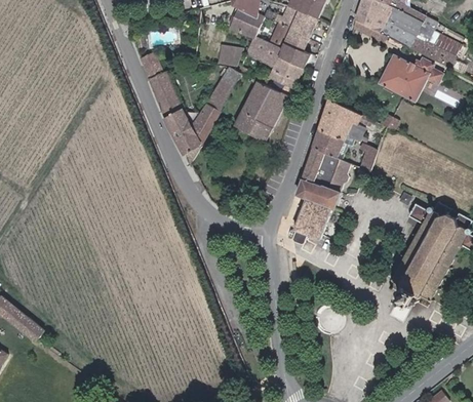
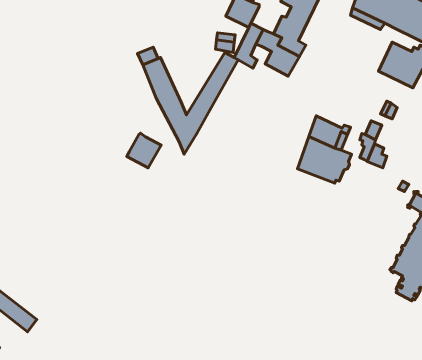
building: [234,81,287,145] -> none
building: [318,98,360,139] -> none
building: none -> [127,133,161,168]
building: [285,179,337,243] -> none

